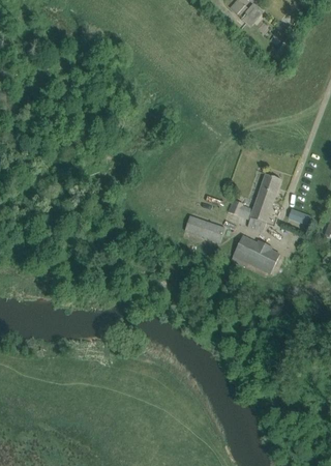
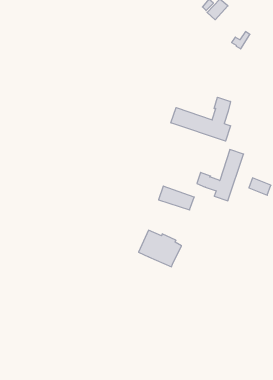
building: none -> [171,97,231,141]
building: [231,235,279,276] -> [139,230,181,267]

